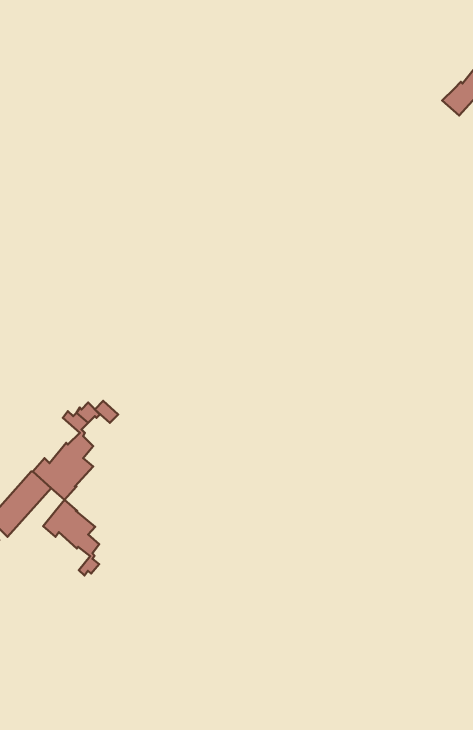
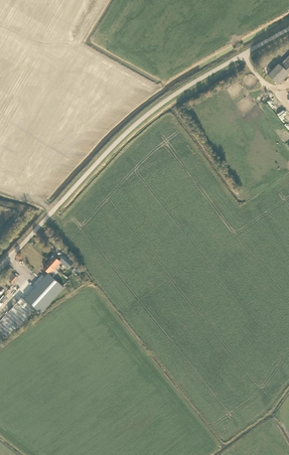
building: [43,500,99,575] -> none

